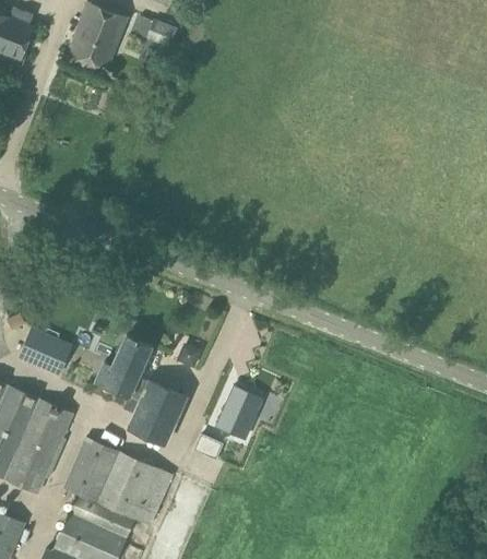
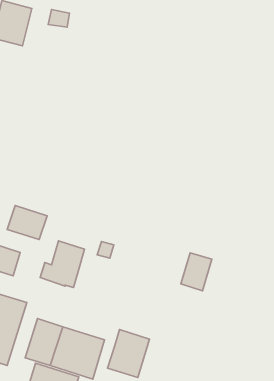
building: none -> [7,206,47,240]
building: [126,380,187,448] -> [108,330,150,378]
building: [215,385,261,439] -> [181,253,212,291]

